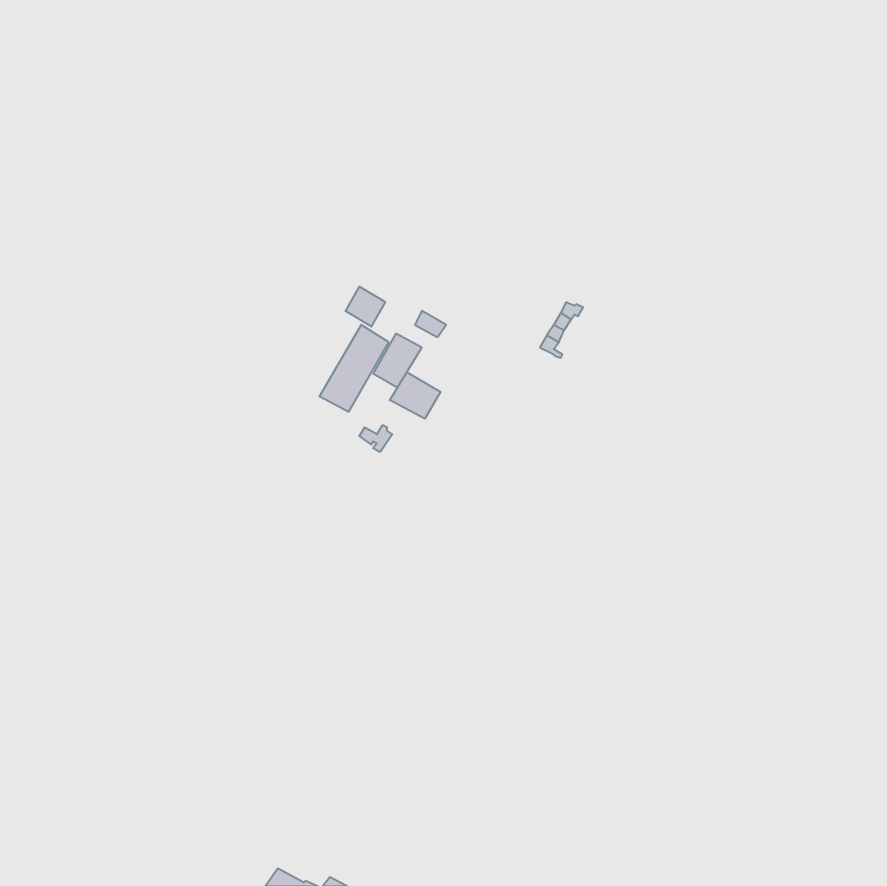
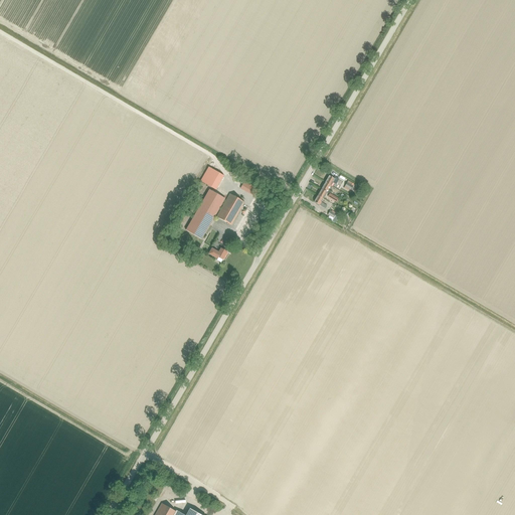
building: [390,372,440,419] -> none

